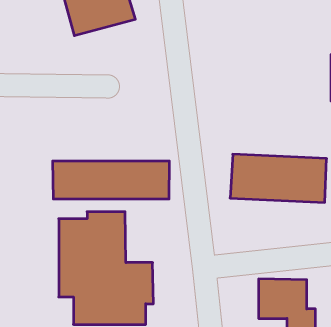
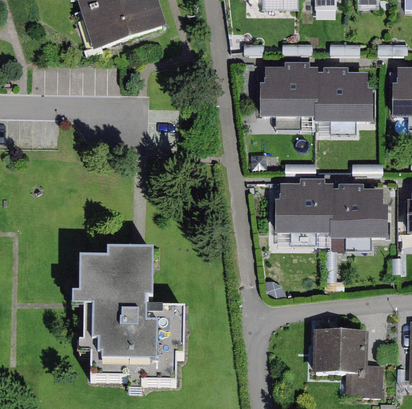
building: none -> [258,67,368,119]
building: [53,161,169,199] -> none

